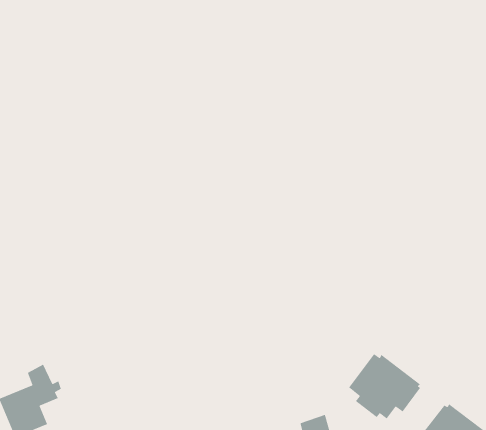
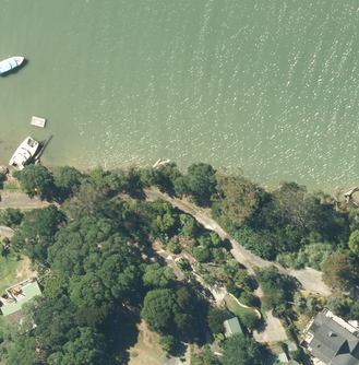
building: [348,353,421,419] -> none

